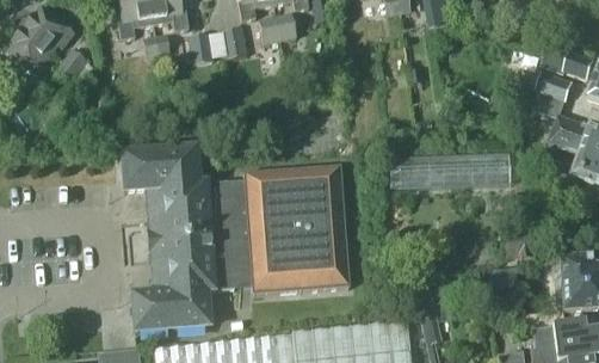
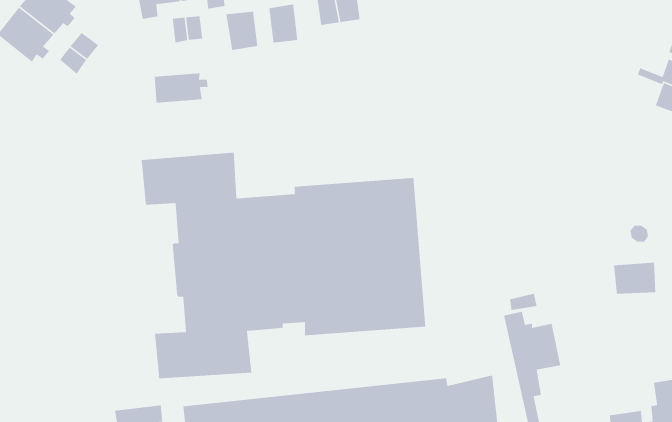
building: none -> [154,73,208,104]
building: [390,152,511,189] -> none

